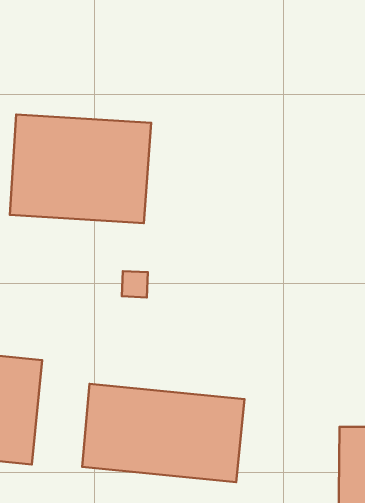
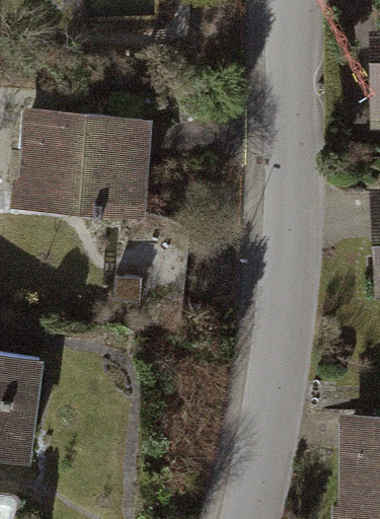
building: [82,384,244,482] -> none

